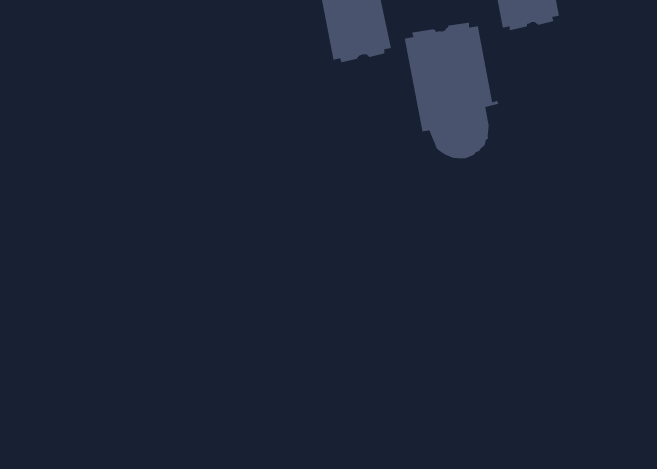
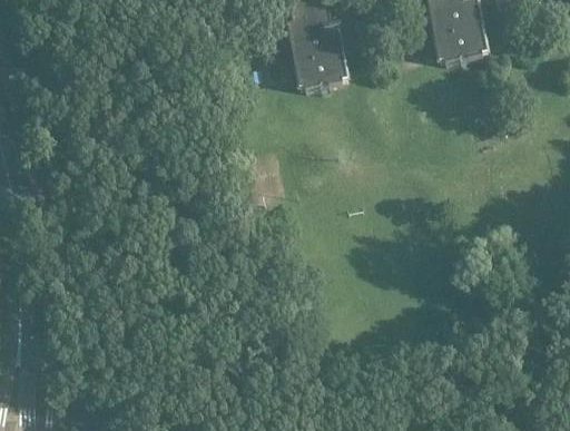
building: [404,22,499,159] -> none

